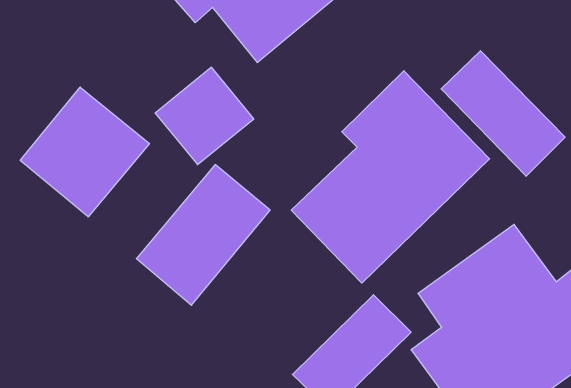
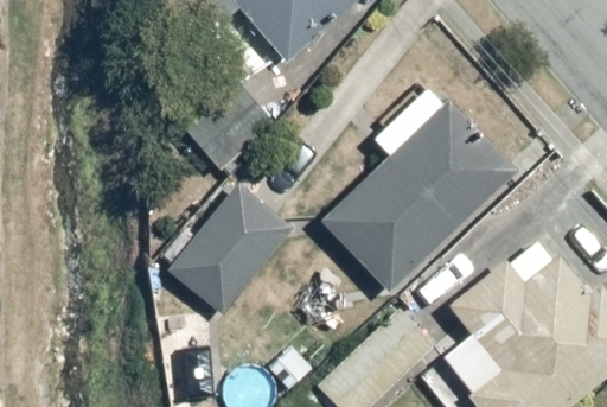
building: [441,51,565,176] -> none
building: [20,87,149,217] -> none

